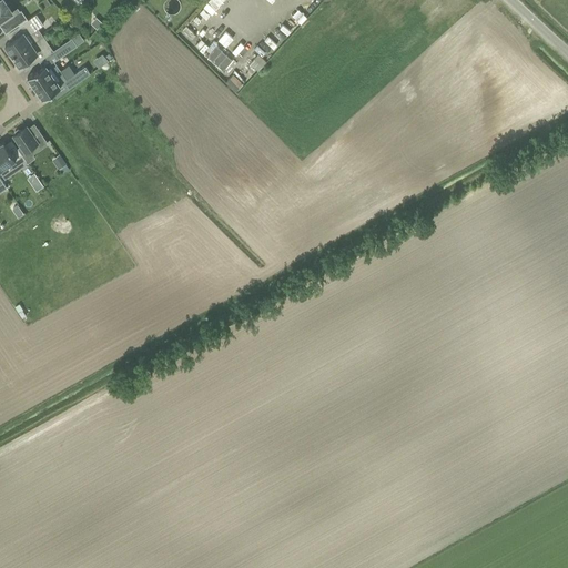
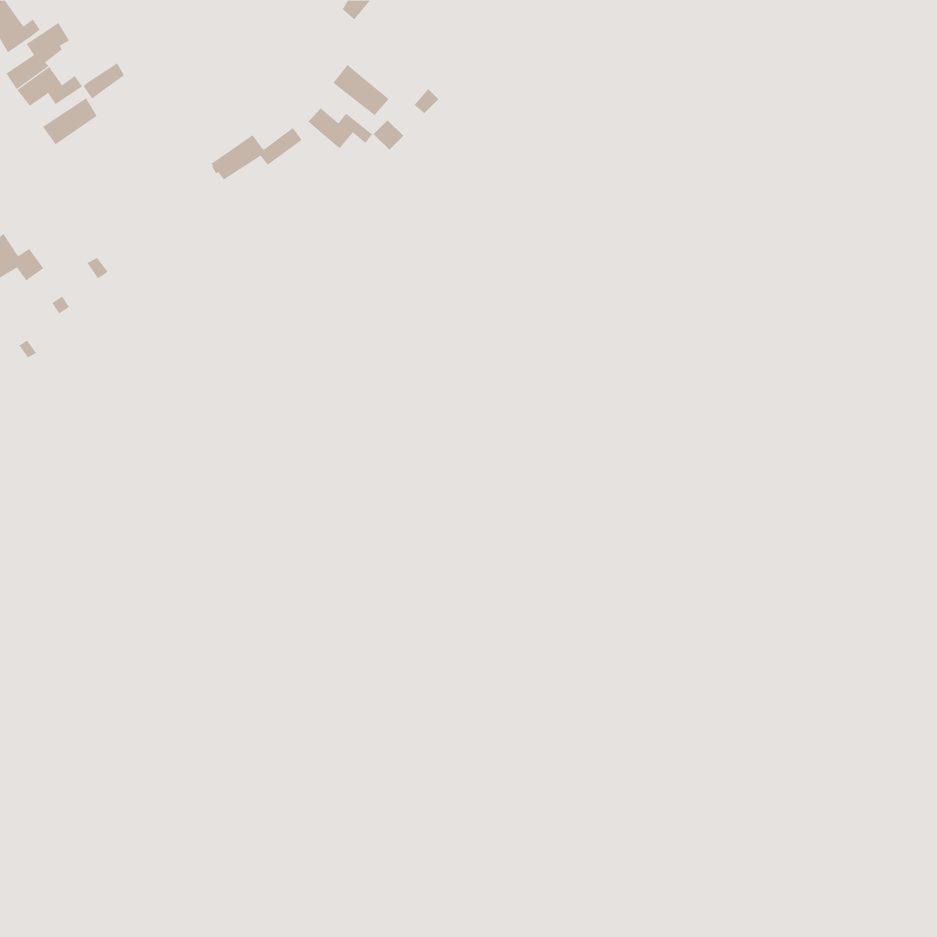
building: none -> [308,108,373,149]
building: [33,67,89,99] -> [211,127,302,180]
building: [12,129,45,165] -> none

